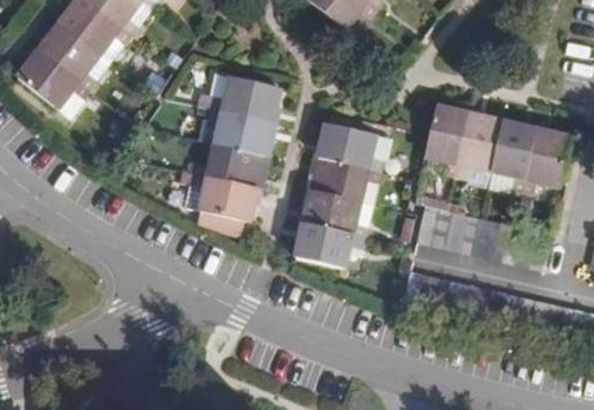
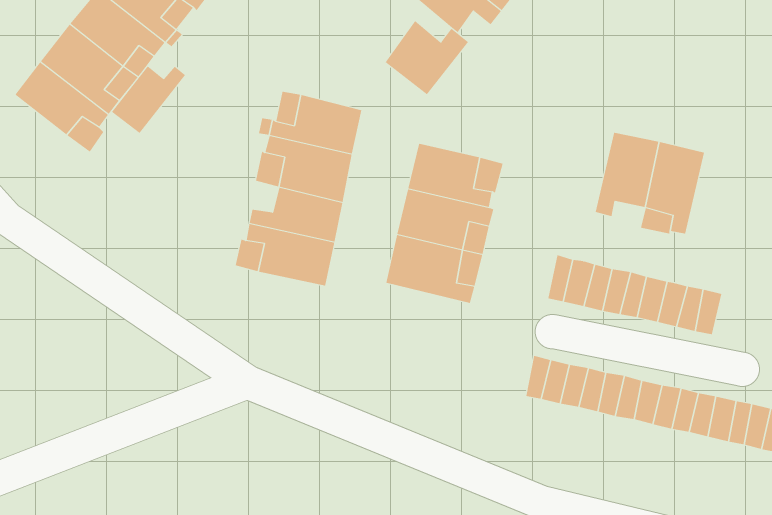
building: none -> [385,20,469,95]
building: none -> [111,65,186,134]
building: [421,96,466,165] -> none
building: [520,120,568,184] -> none
building: [287,218,358,261] -> none

